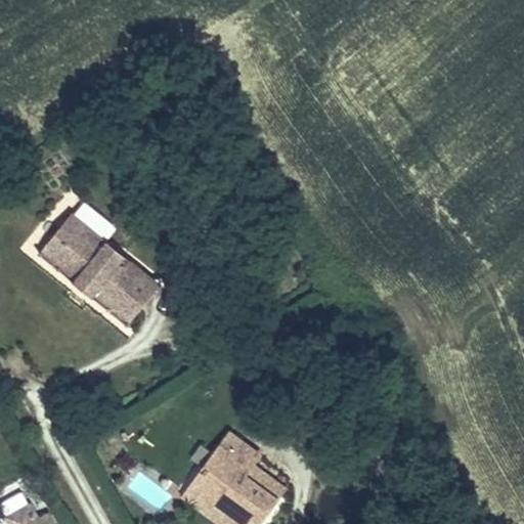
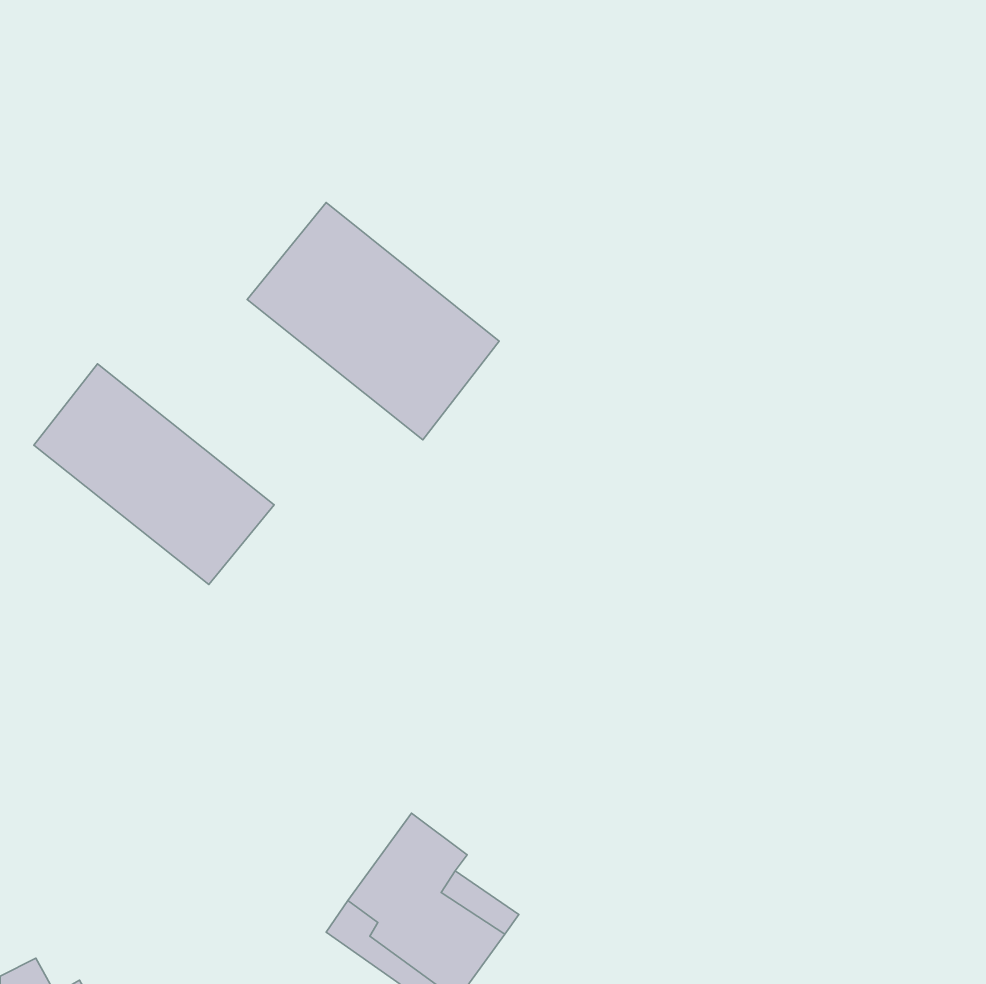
building: none -> [247,203,499,440]

